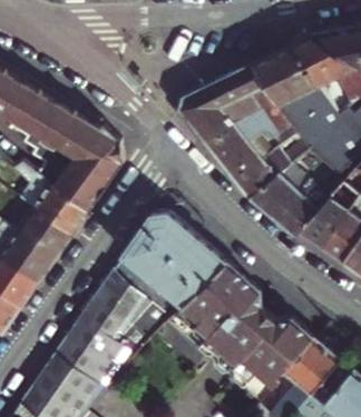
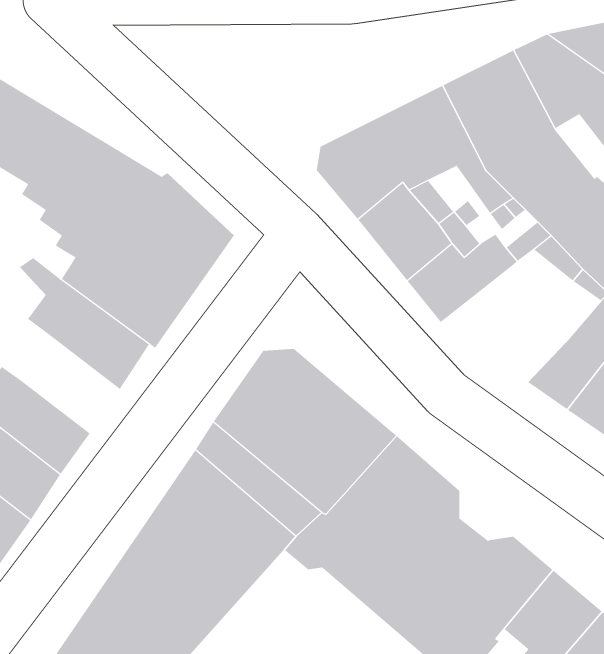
building: [250,166,320,237] -> none
building: [13,206,69,260] -> none

